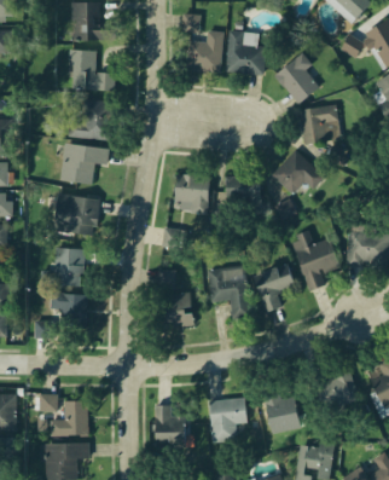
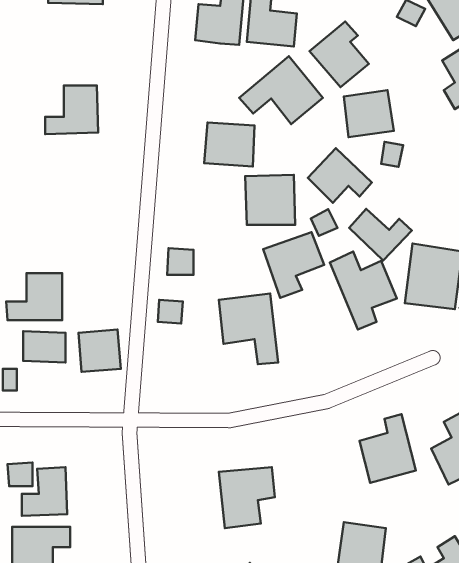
building: [75,57,115,92] -> none
building: none -> [239,56,323,124]
building: [60,143,106,181] -> none
building: [172,177,210,210] -> [204,123,254,166]
building: [59,197,104,237] -> none
building: none -> [349,209,412,261]
building: [251,261,298,312] -> [263,232,324,298]
building: [159,293,192,325] -> [79,330,121,372]
building: [259,384,303,434] -> none
building: [156,406,186,446] -> none

